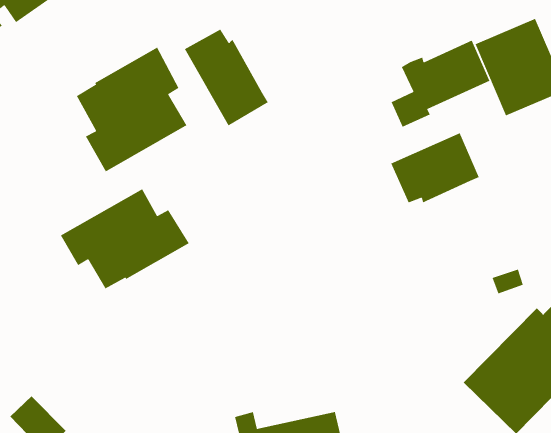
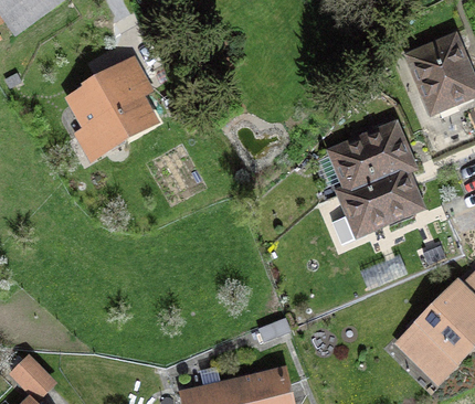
building: [184,28,269,127] -> none
building: [390,40,490,128] -> [331,170,416,245]
building: [60,188,190,290] -> none

